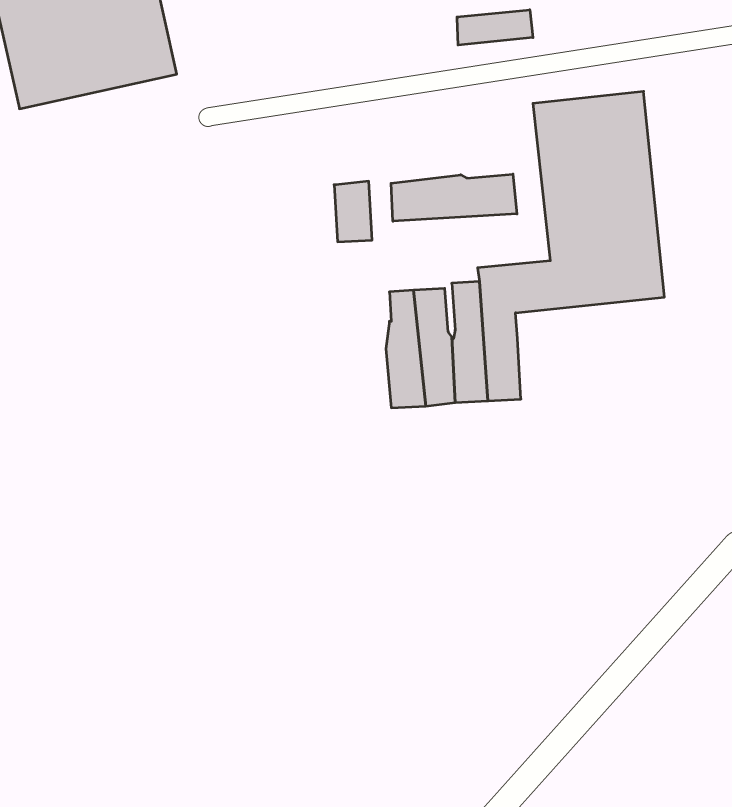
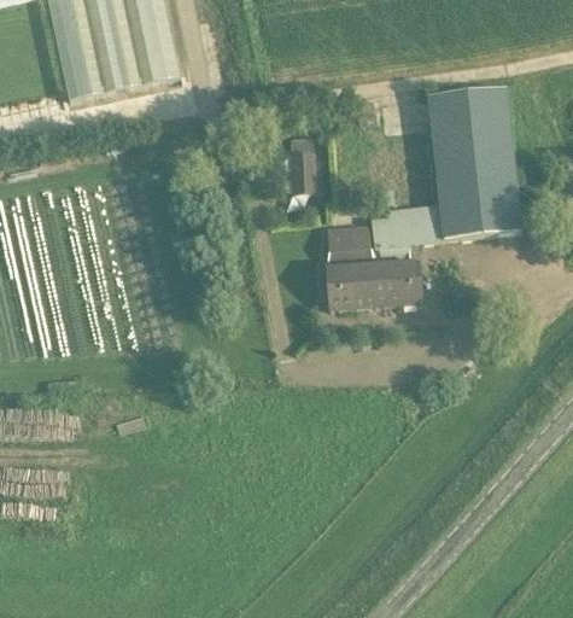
building: [457,10,533,45] -> none
building: [391,174,517,221] -> none

